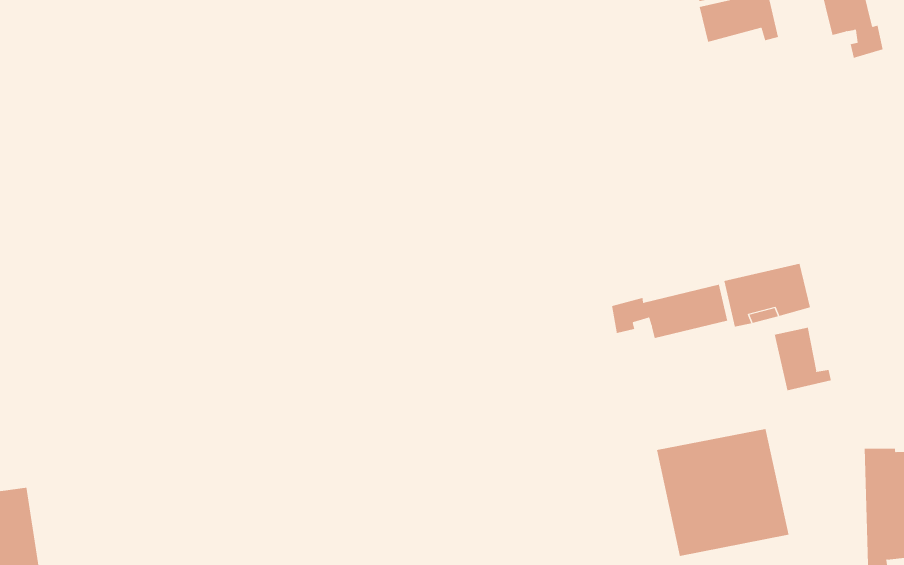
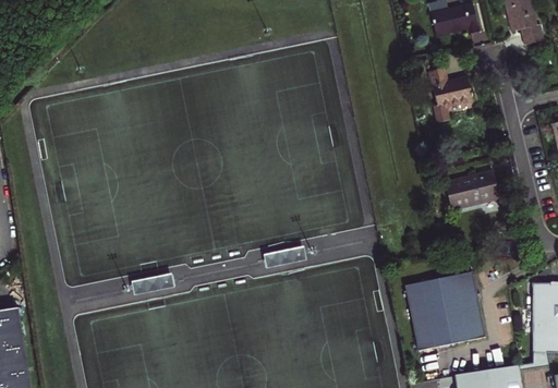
building: none -> [429,68,473,122]
building: [611,284,728,339] -> none
building: [774,327,831,391] -> none

